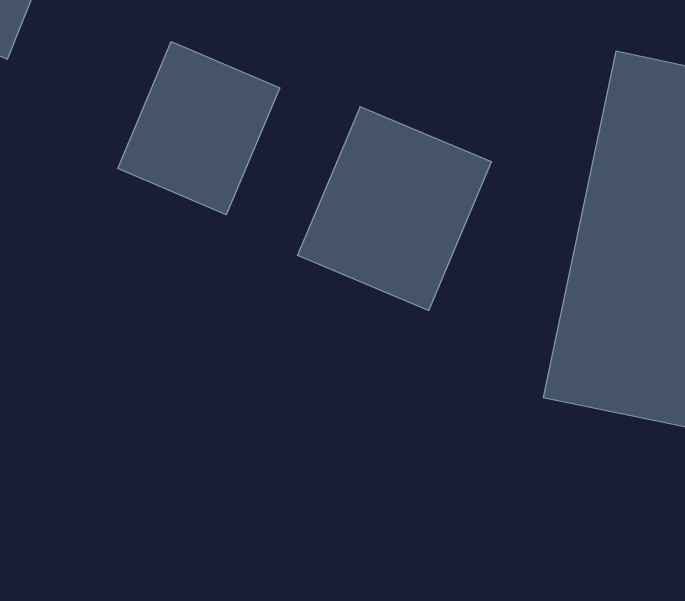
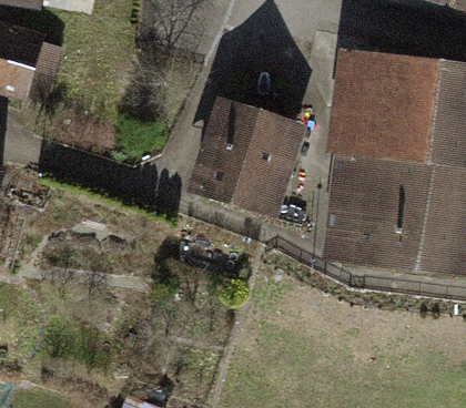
building: [118,42,280,215] -> none

